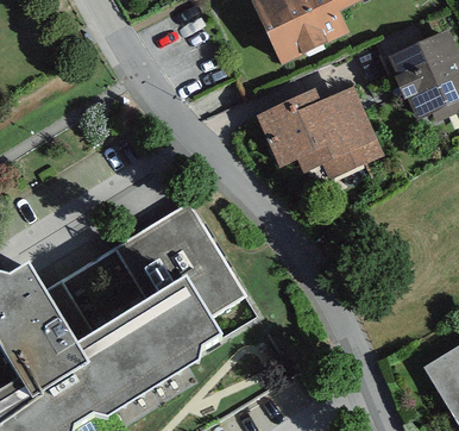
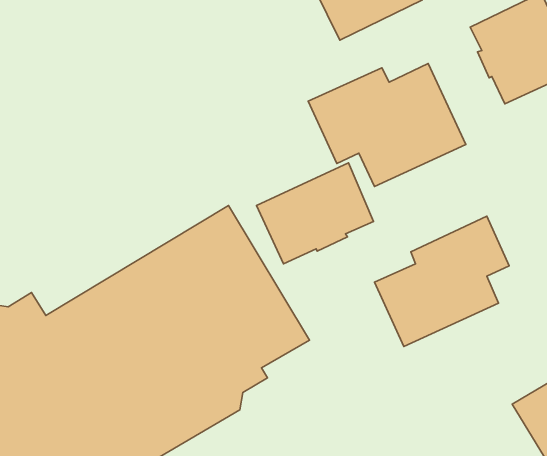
building: none -> [256,163,373,264]
building: none -> [375,216,509,347]

